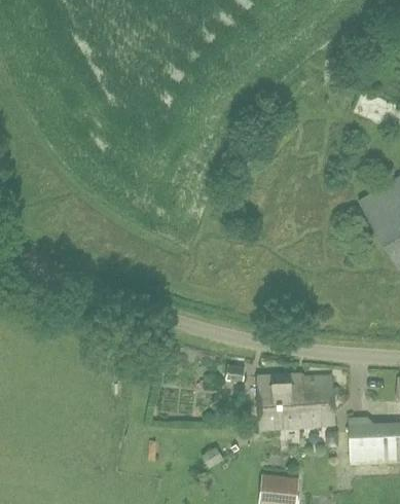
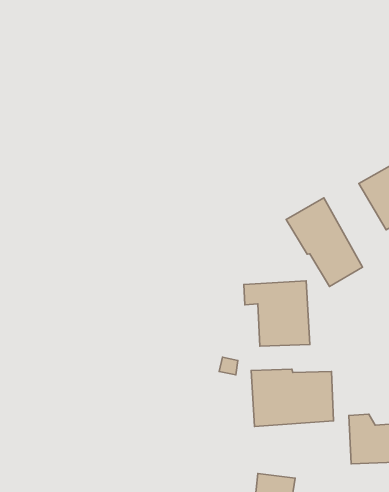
building: none -> [286,198,362,287]
building: none -> [244,281,310,346]

